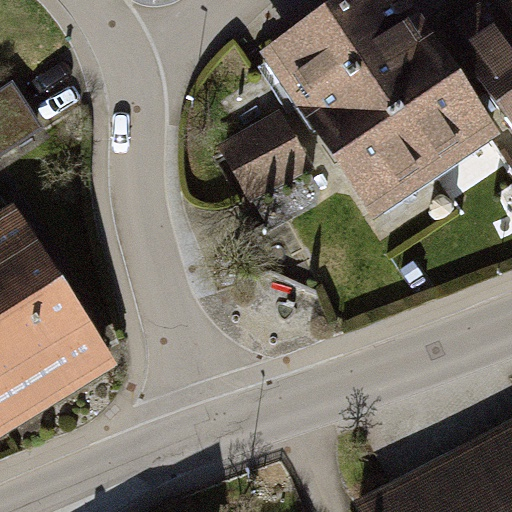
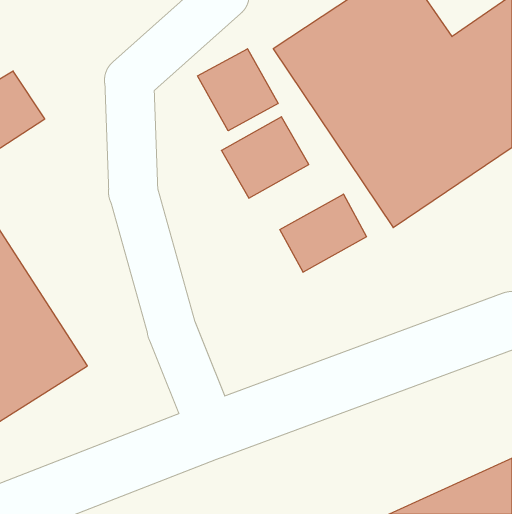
building: none -> [198,49,278,131]
building: none -> [280,194,366,272]

